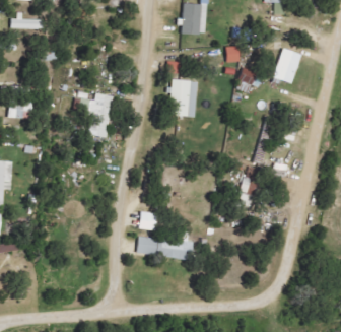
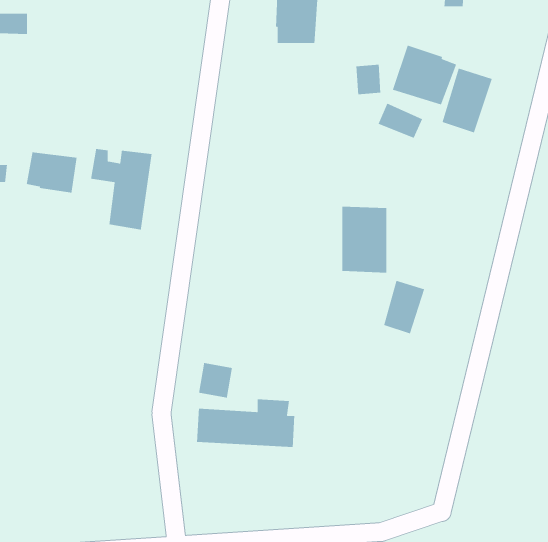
building: none -> [392,44,457,105]
building: [170,79,196,117] -> [341,206,387,273]
building: none -> [26,152,77,193]

